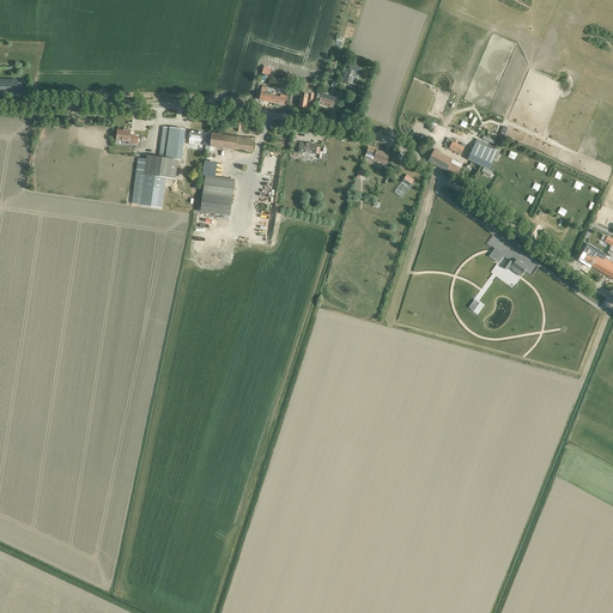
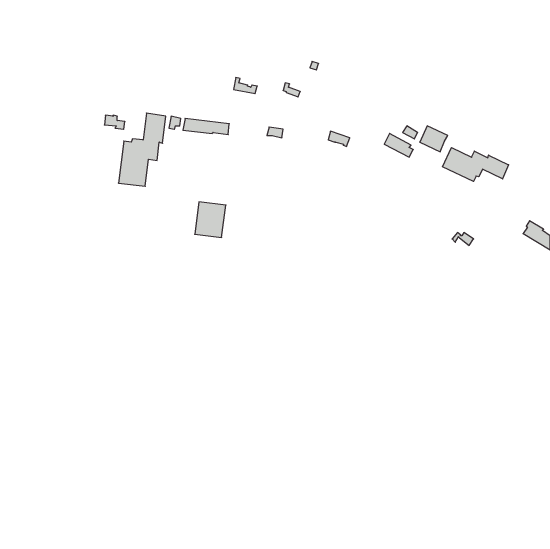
building: none -> [442,148,509,181]
building: [200,175,235,214] -> [195,202,226,237]

